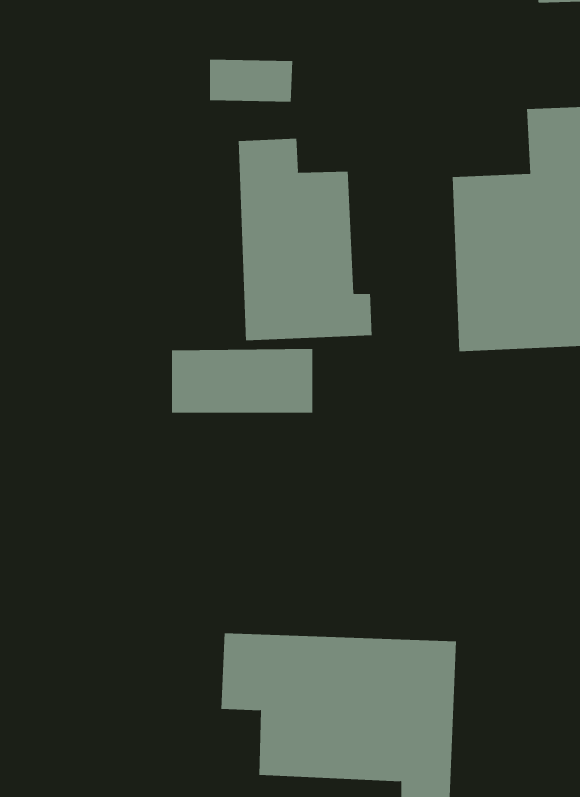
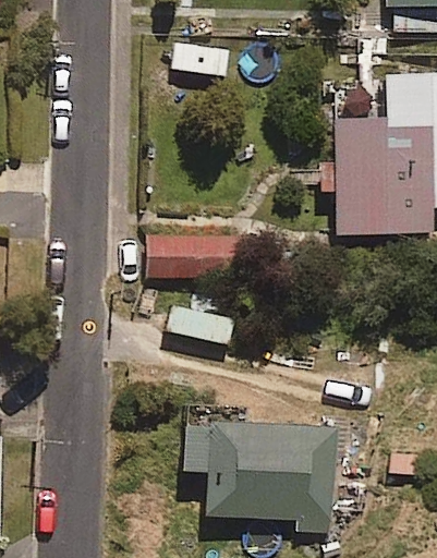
building: [238,138,372,341] -> none

